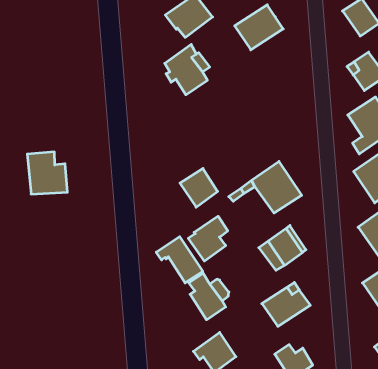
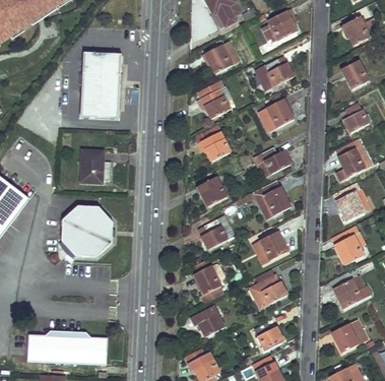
building: none -> [81,52,121,117]
building: none -> [258,99,294,131]
building: none -> [198,131,230,161]
building: none -> [254,146,290,177]
building: none -> [60,203,111,254]
building: [156,237,203,283] -> none

